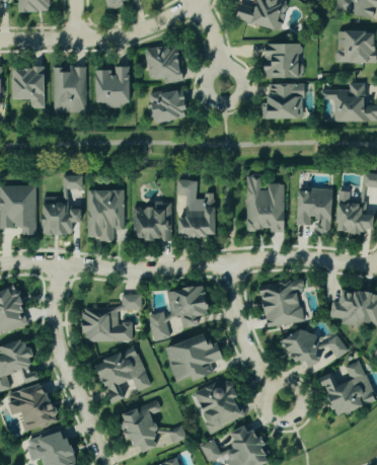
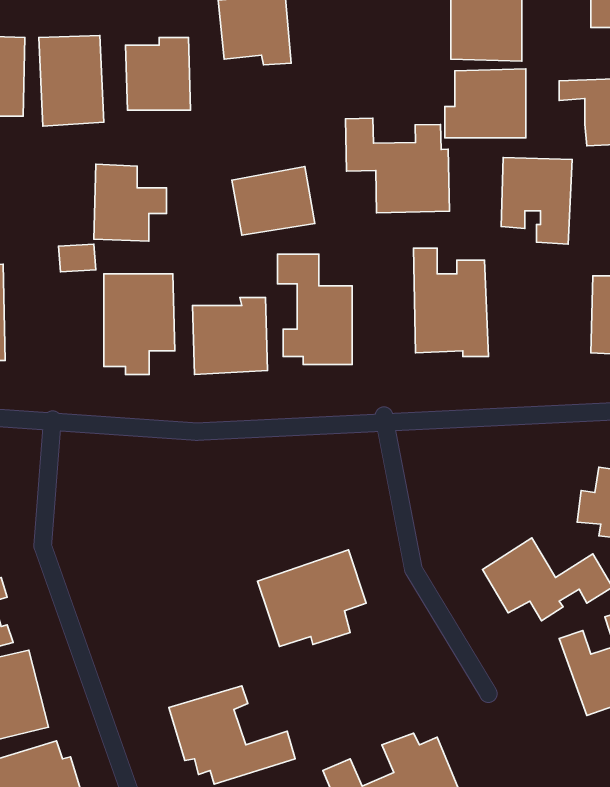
building: [146,88,188,124] -> [232,166,315,235]
building: none -> [346,118,449,213]
building: [297,188,333,233] -> [501,157,572,244]
building: [44,196,81,235] -> [94,164,167,241]
building: [259,279,304,327] -> none
building: [146,284,211,341] -> none
building: [83,294,141,341] -> none
building: [97,346,150,402] -> none
building: [195,379,245,433] -> none

